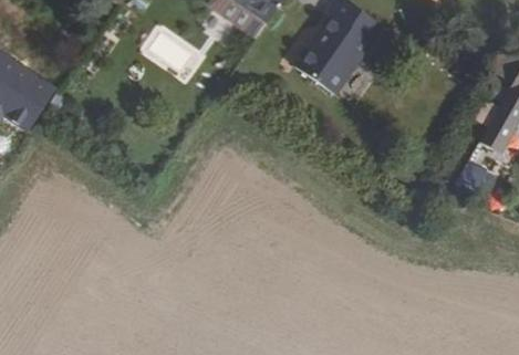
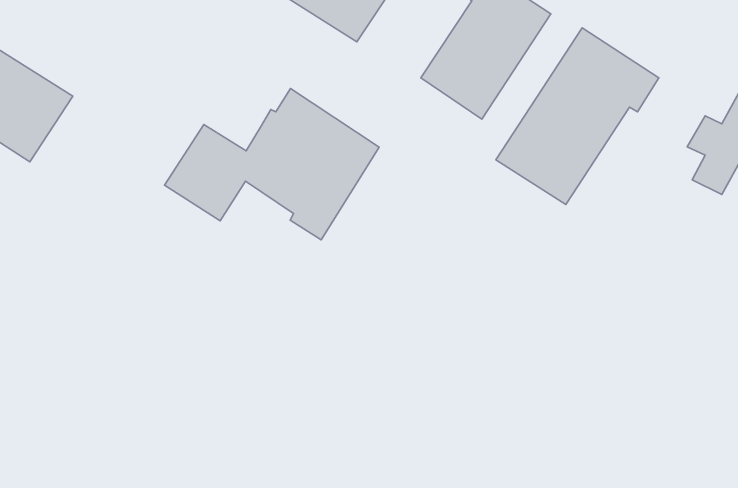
building: none -> [496,28,659,204]
building: none -> [164,89,379,240]

